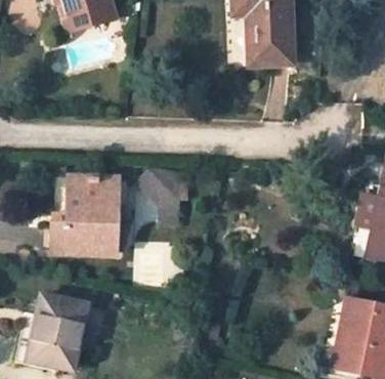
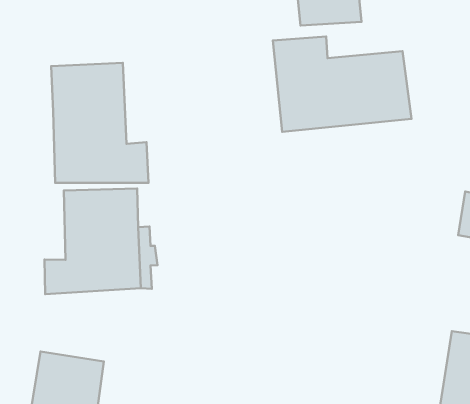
building: none -> [273,36,412,132]
building: none -> [51,63,148,183]

